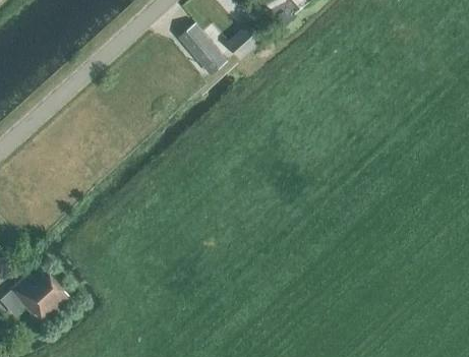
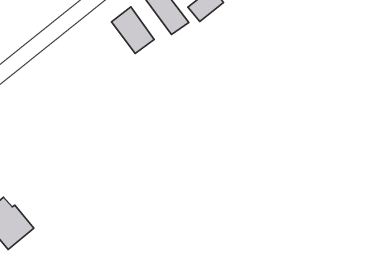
building: none -> [111,7,154,54]

